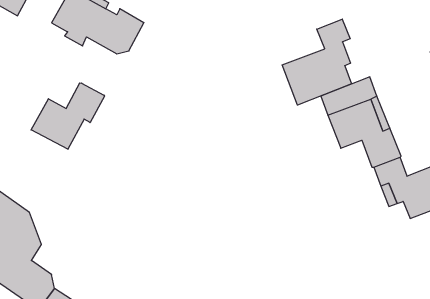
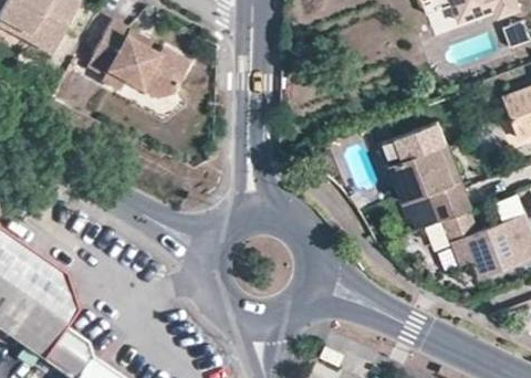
building: [282,19,351,105] -> none
building: [31,83,105,149] -> none

